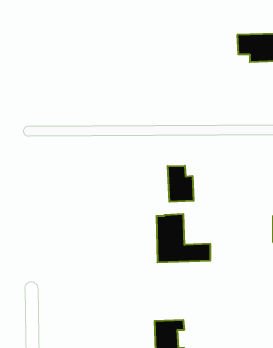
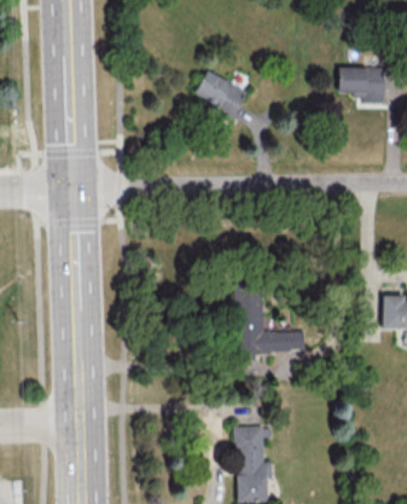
building: none -> [196,71,248,121]
building: [168,166,193,202] -> none

